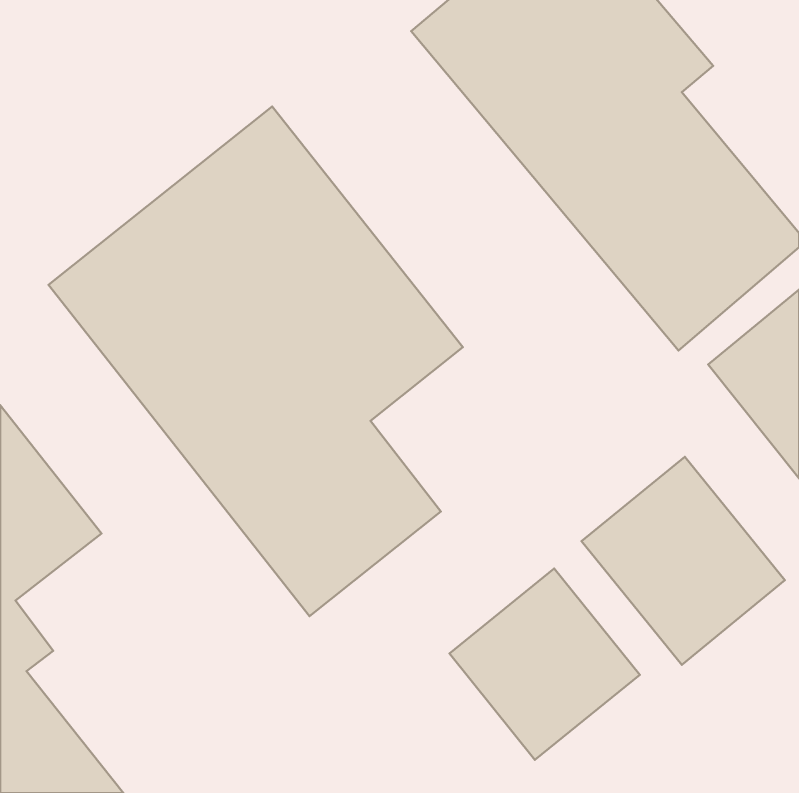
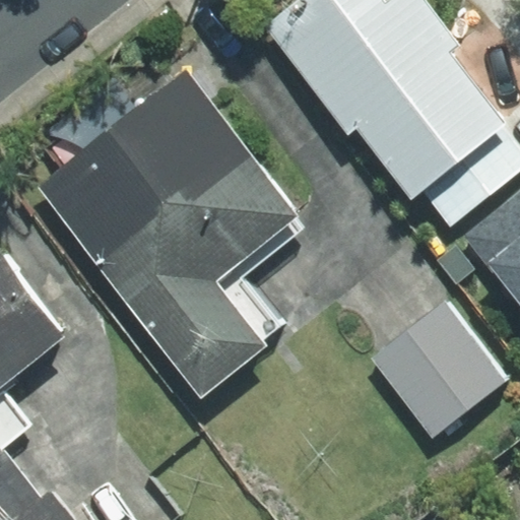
building: [449,568,640,760] -> none

